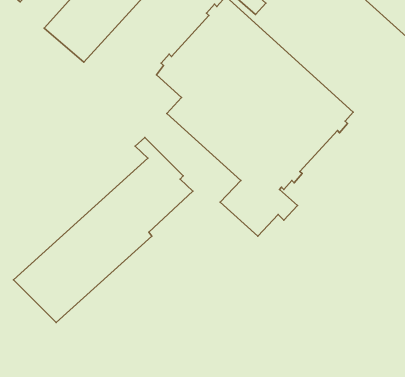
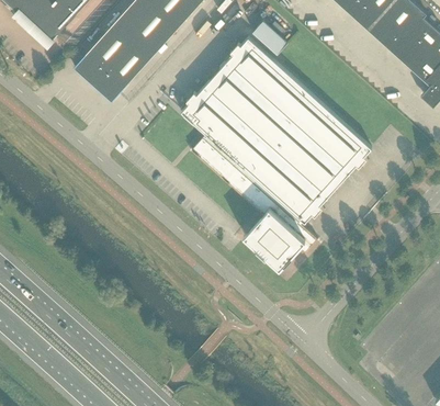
building: [13,137,193,322] -> none

